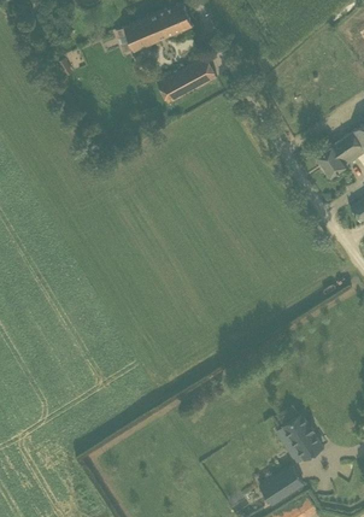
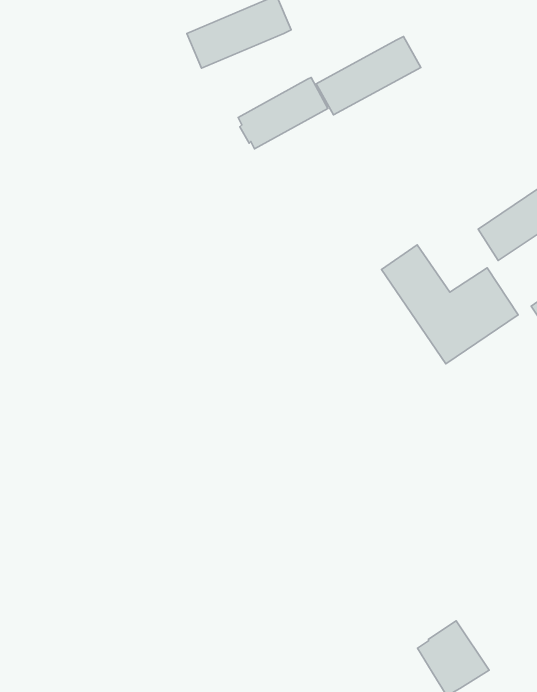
building: none -> [316,37,421,115]
building: none -> [382,245,518,364]

